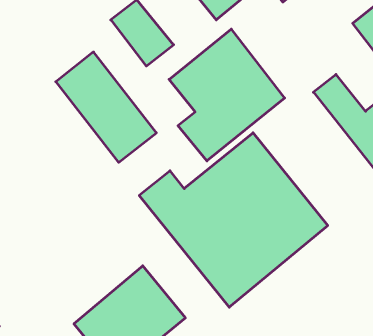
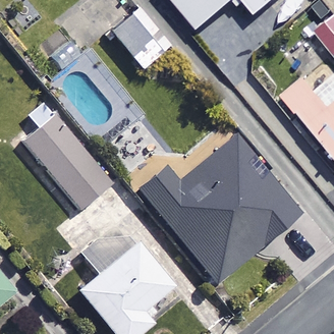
building: [169,29,285,161] -> none
building: [56,52,156,162] -> [21,113,108,208]

